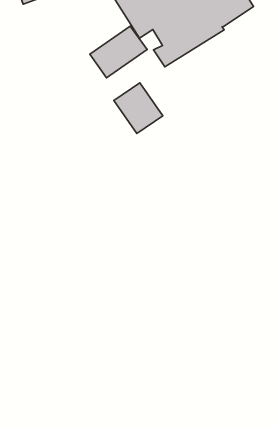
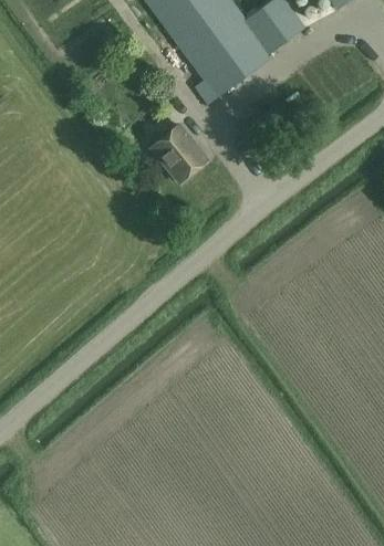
building: [90,26,147,78] -> none

